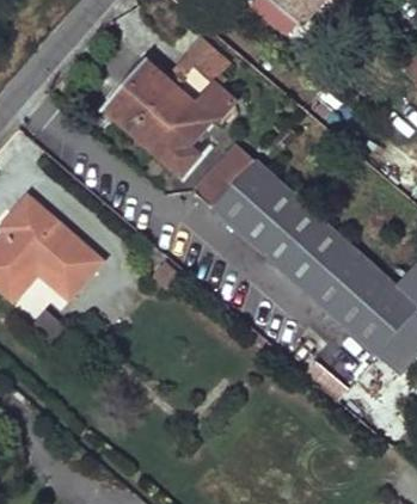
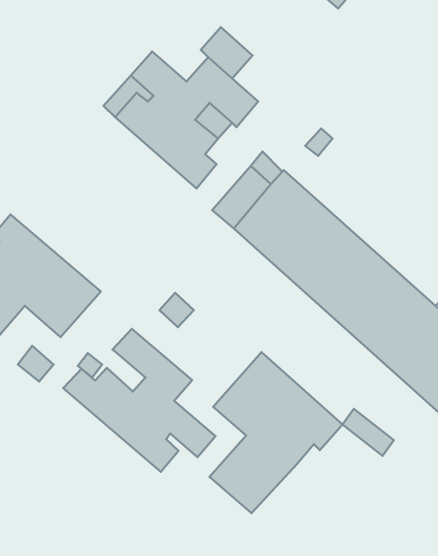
building: none -> [63,329,215,472]
building: none -> [210,352,342,513]

